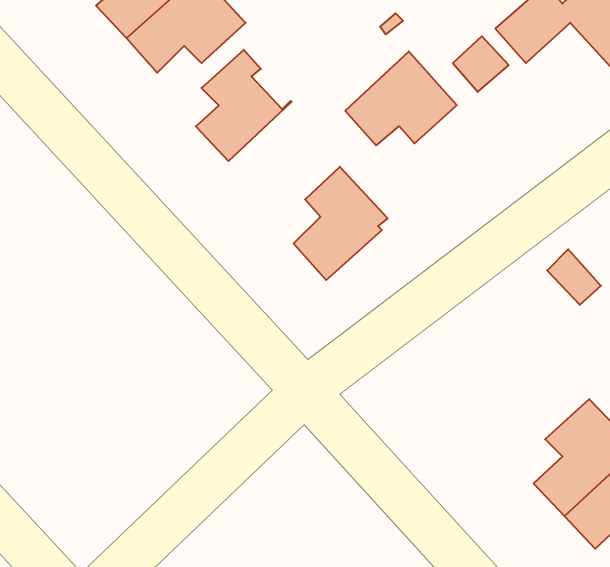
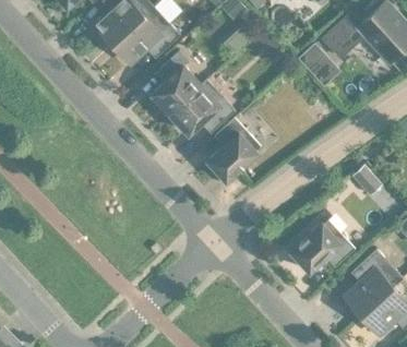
building: [345,51,457,145] -> [170,81,234,134]
building: none -> [290,220,355,273]

